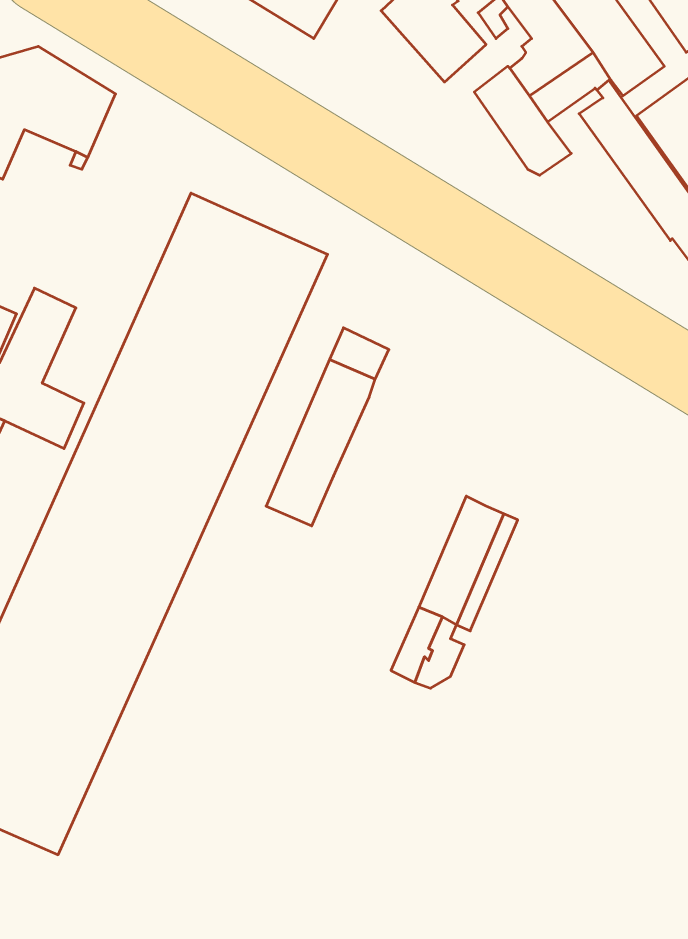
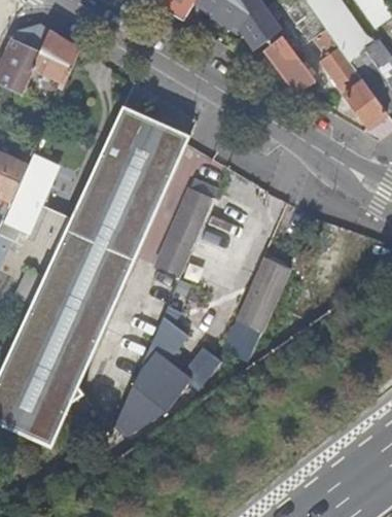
building: none -> [112,314,220,436]

